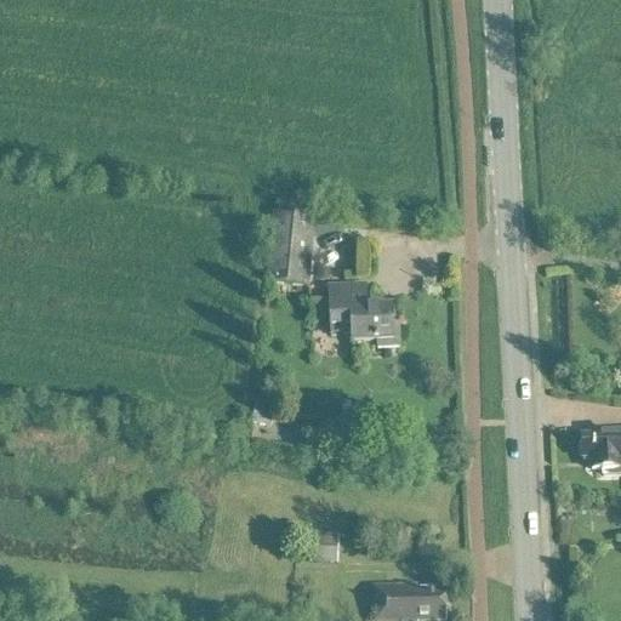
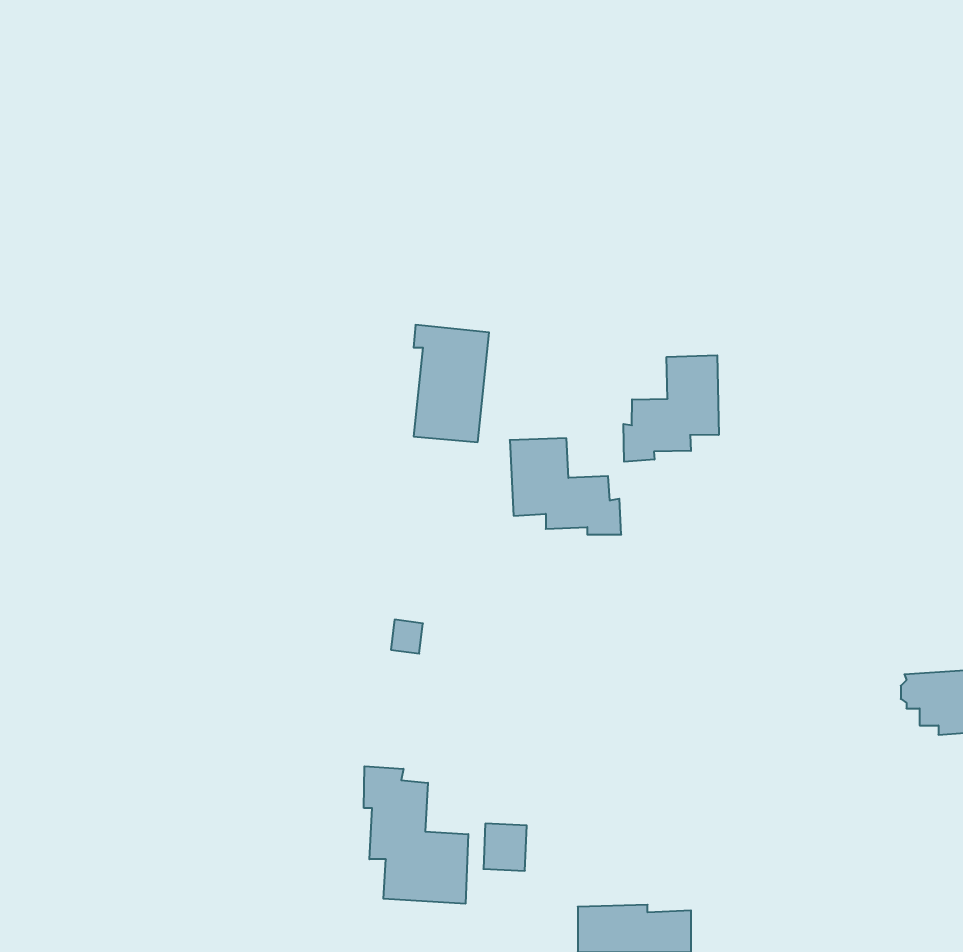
building: none -> [623,355,719,462]
building: none -> [364,766,468,904]

